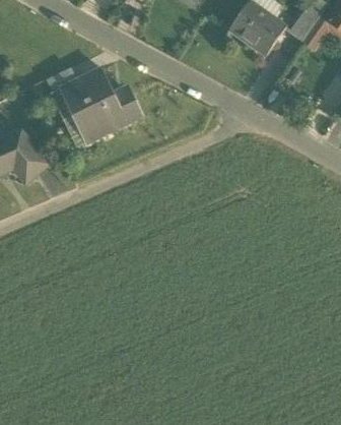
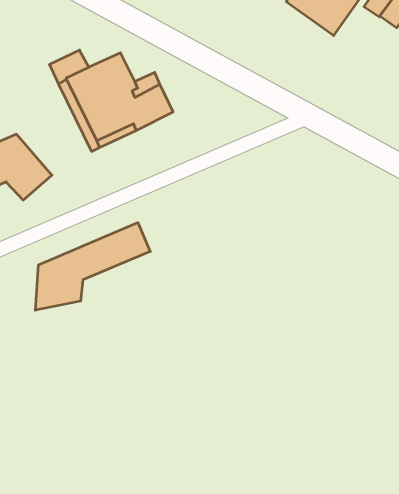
building: none -> [35,223,150,310]

